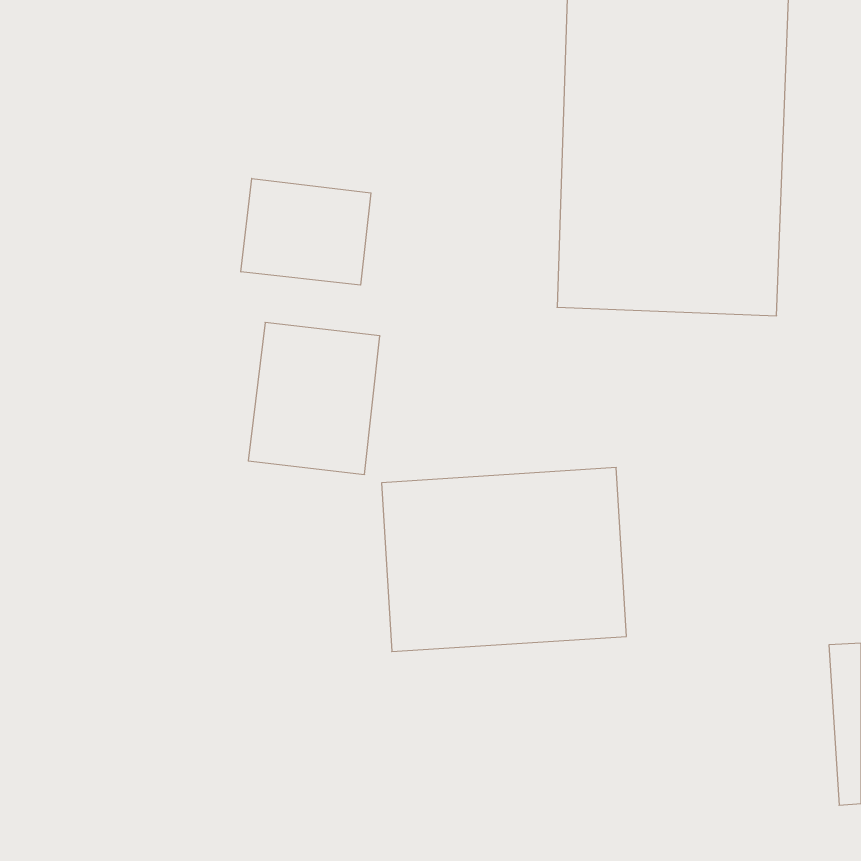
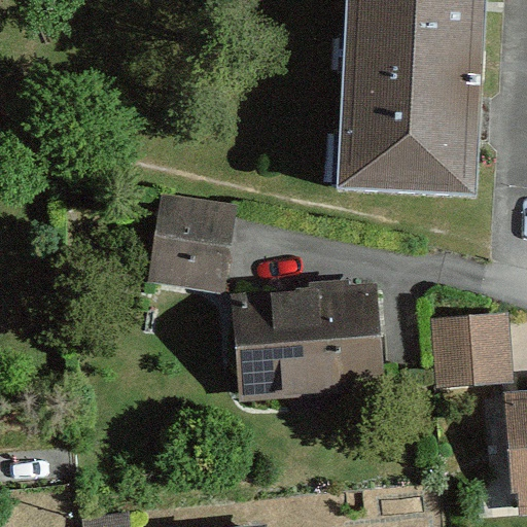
building: [241,178,371,285] -> none
building: none -> [433,316,510,385]

